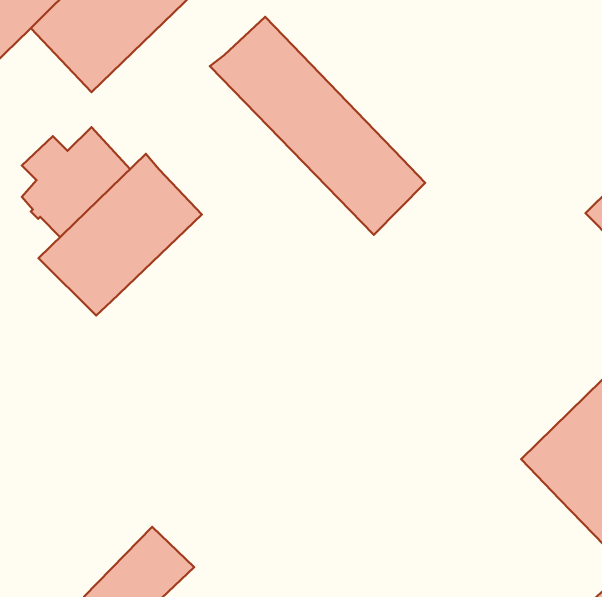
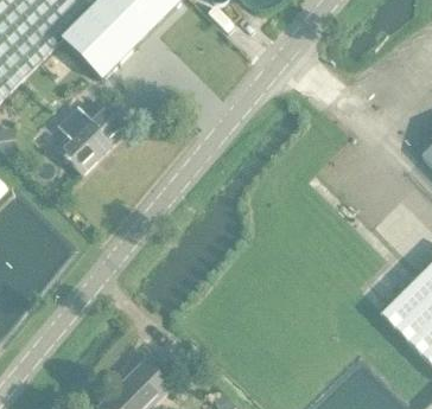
building: [210,17,425,235] -> none
building: [39,154,202,316] -> none

